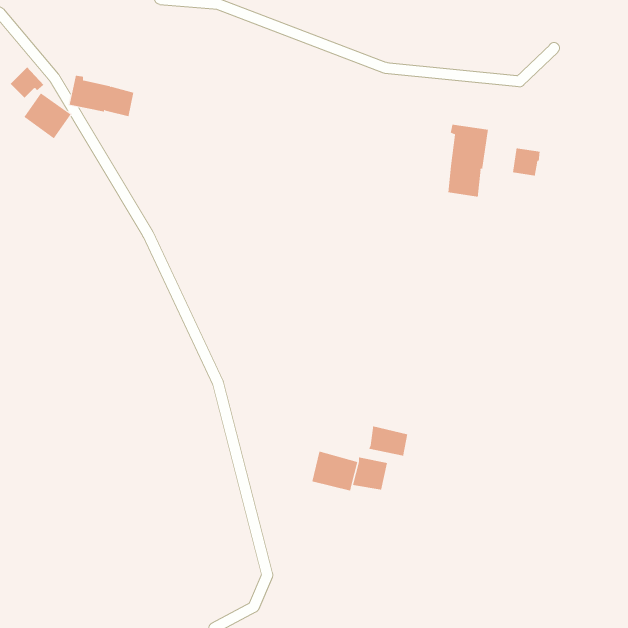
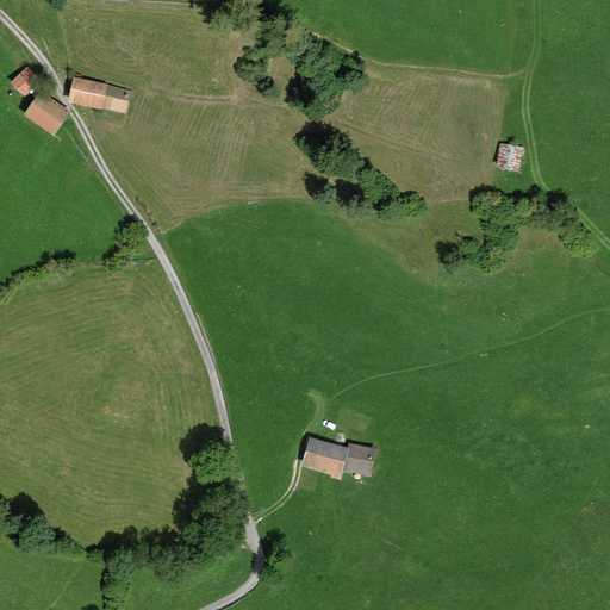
building: [448,124,489,198] -> none
building: [368,426,408,457] -> none

